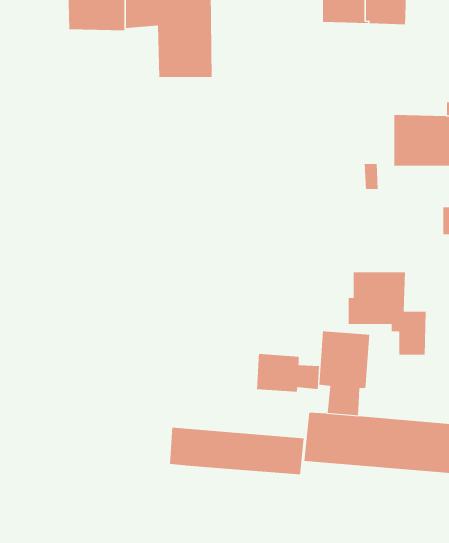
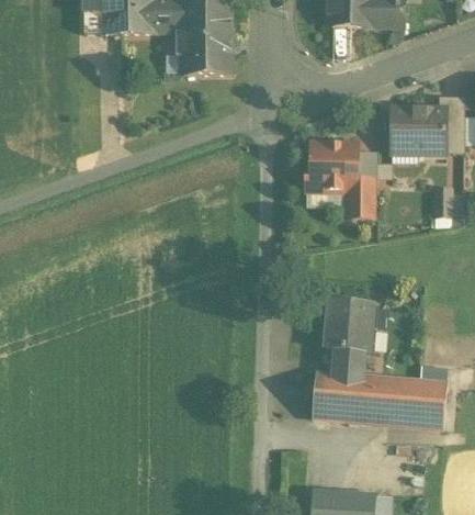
building: [348,272,427,355] -> [306,142,376,216]
building: [256,353,320,392] -> none
building: [170,427,304,475] -> none

